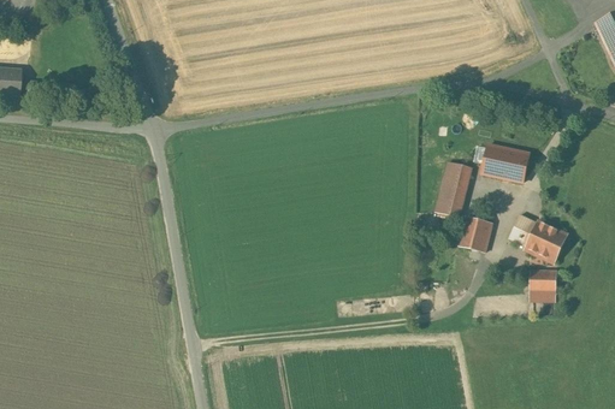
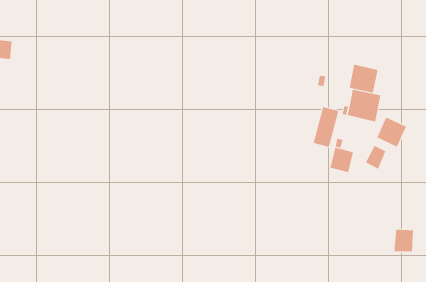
building: none -> [349,64,378,94]
building: [525,220,567,262] -> [376,117,407,148]
building: [528,269,556,301] -> [394,229,414,252]

